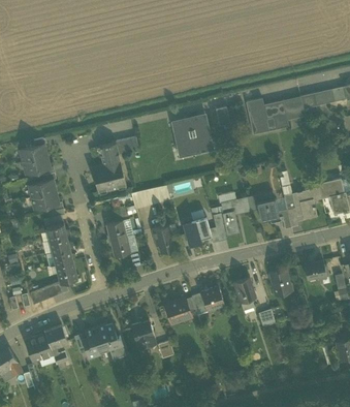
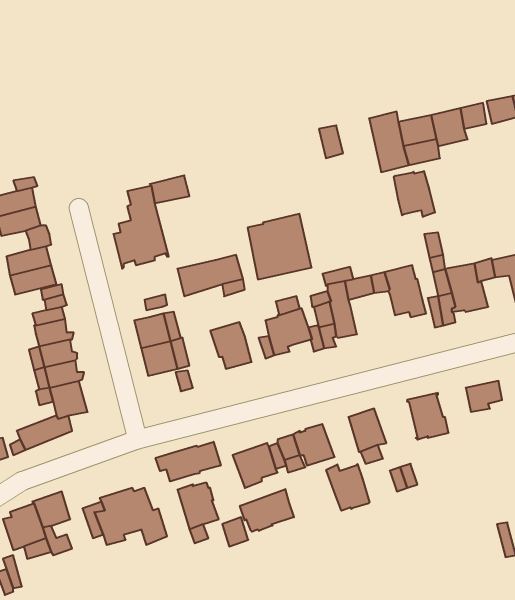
building: [173,115,212,154] -> [248,214,312,279]
building: none -> [394,171,435,217]
building: none -> [156,442,221,481]
building: none -> [326,464,370,511]
building: none -> [240,489,294,532]

